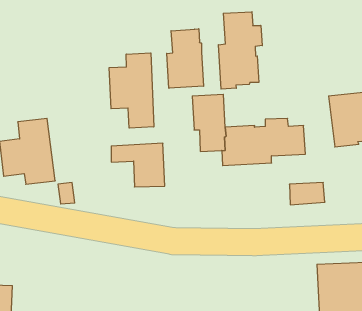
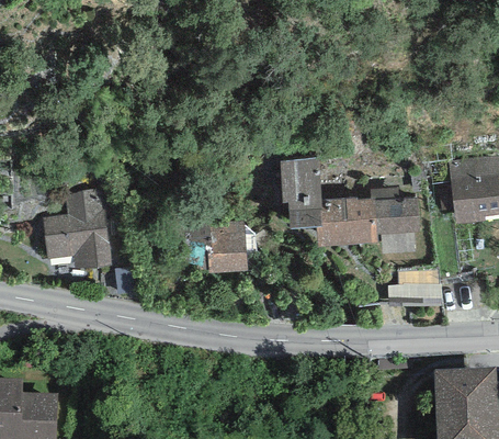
building: [218,12,262,89] -> none
building: [167,29,204,88] -> none
building: [109,53,154,128] -> none

